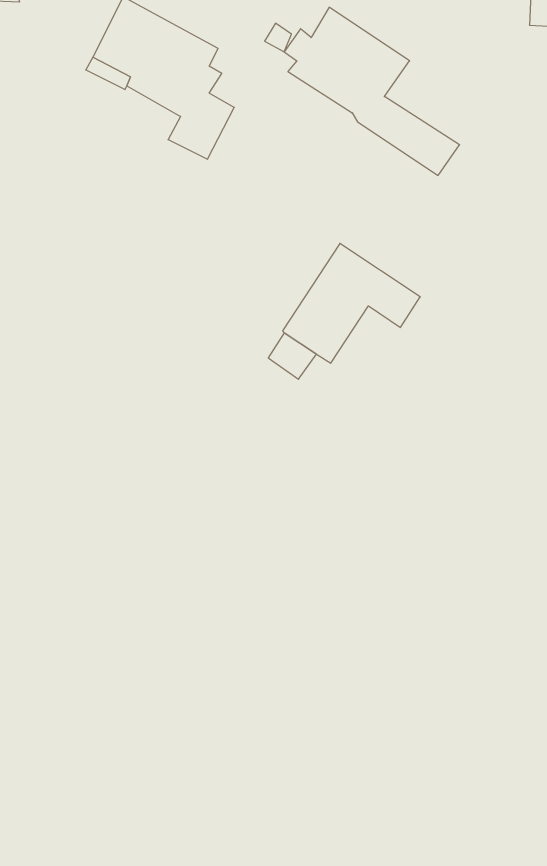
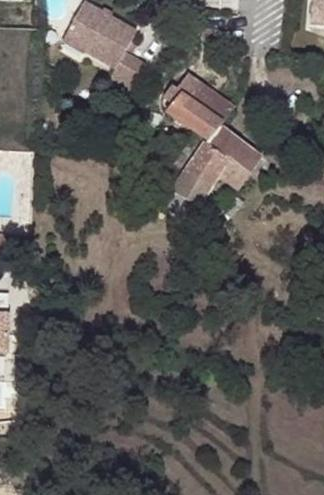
building: [284,7,460,175] -> [162,75,260,169]

